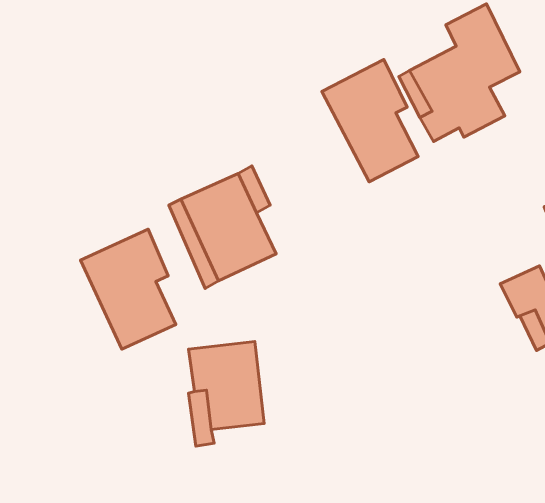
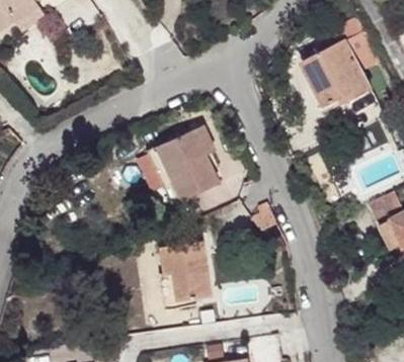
building: [322,60,418,182] -> none
building: [81,229,176,349] -> none

